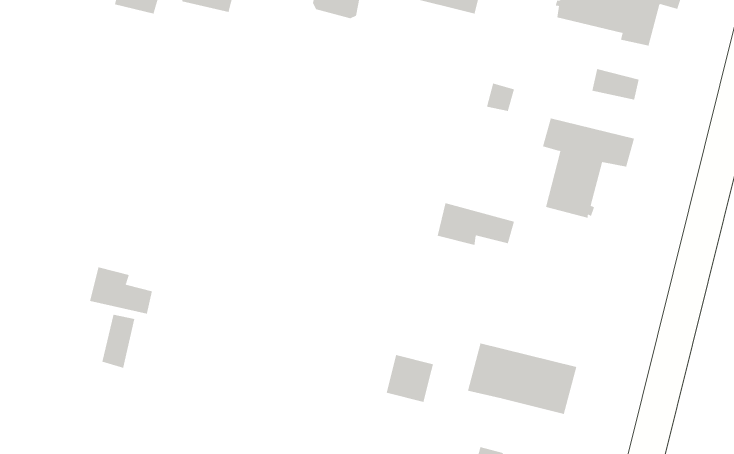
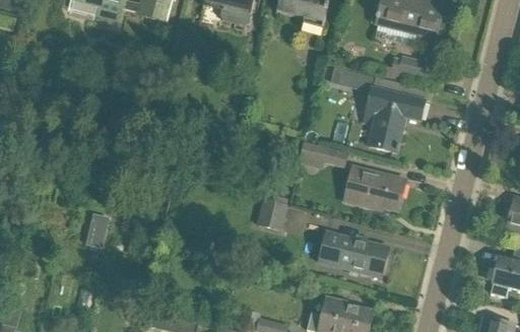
building: none -> [342,165,404,210]
building: [89,267,152,315] -> none
building: [386,355,434,402] -> [256,199,286,229]

